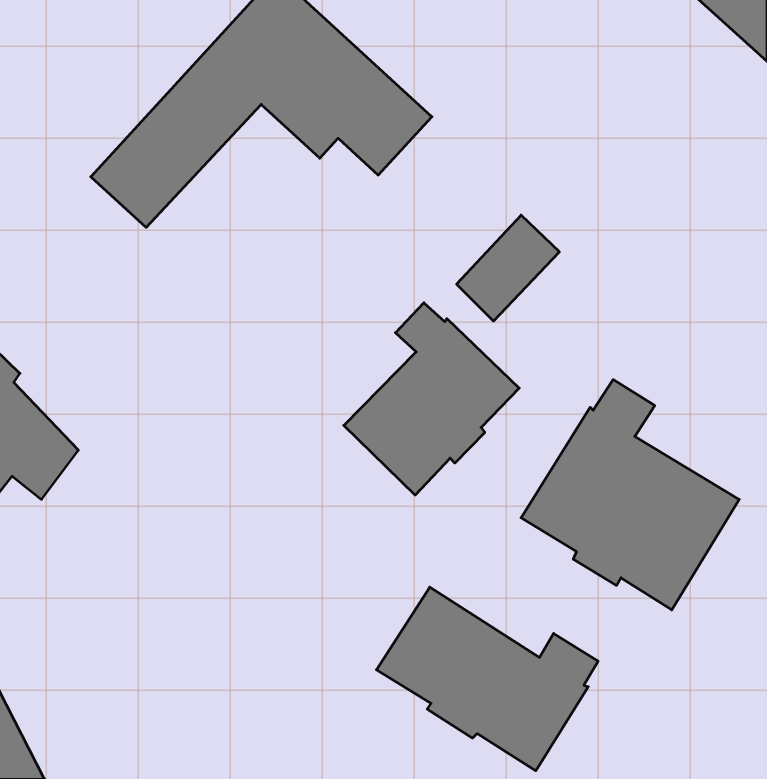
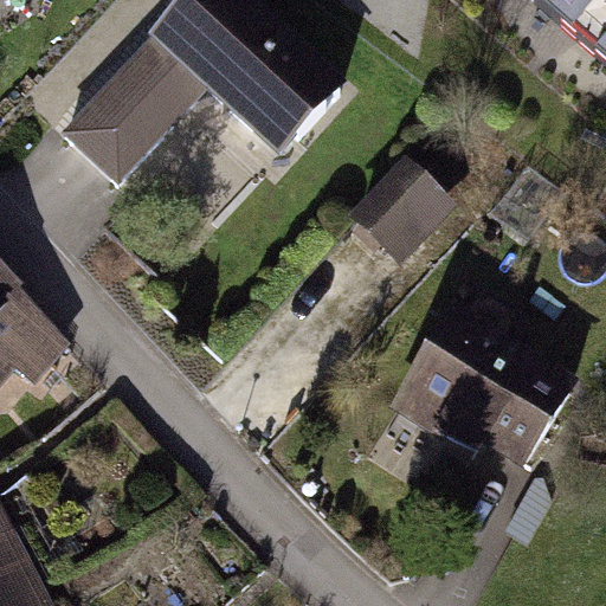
building: [344,303,519,495] -> none
building: [376,587,598,771] -> none

